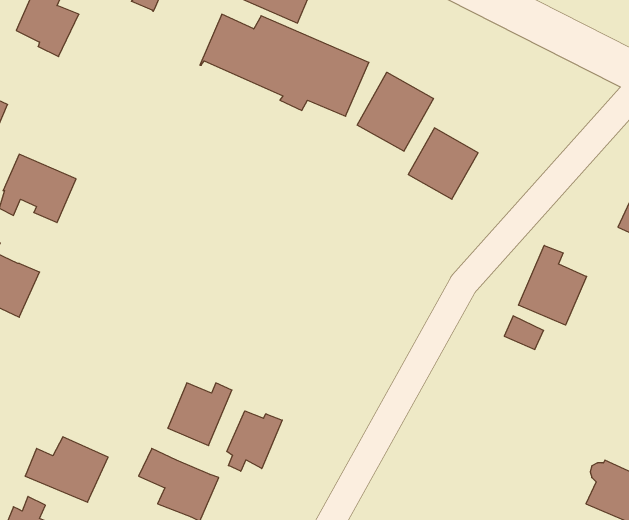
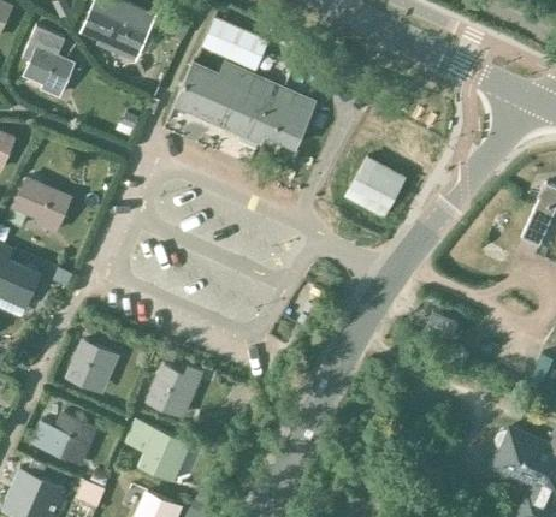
building: [357,72,433,151] -> none
building: [519,245,587,325] -> none
building: none -> [65,340,118,394]
building: [227,411,282,471] -> none

